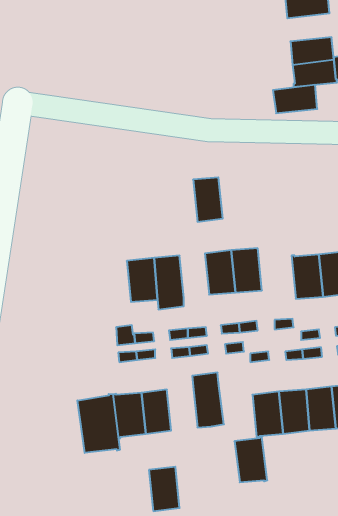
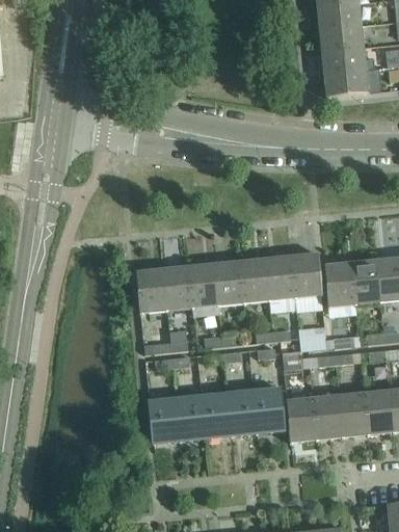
building: [273,85,317,113] -> [319,24,363,52]
building: [193,177,223,222] -> [213,261,242,304]
building: none -> [290,251,322,297]
building: none -> [135,268,165,313]
building: [77,394,120,453] -> none
building: [234,437,267,482] -> [251,384,284,429]
building: [149,467,180,511] -> [201,392,231,435]

